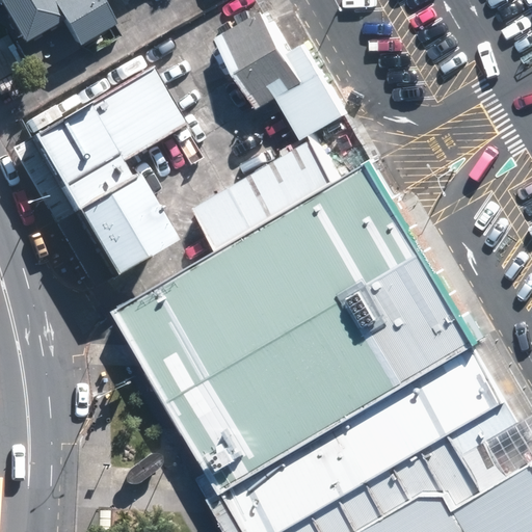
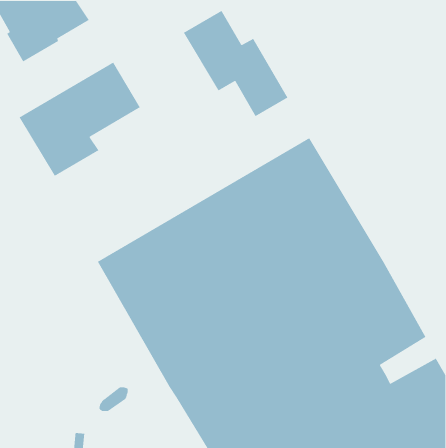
building: [197,135,341,246] -> none
building: [64,175,165,277] -> none

